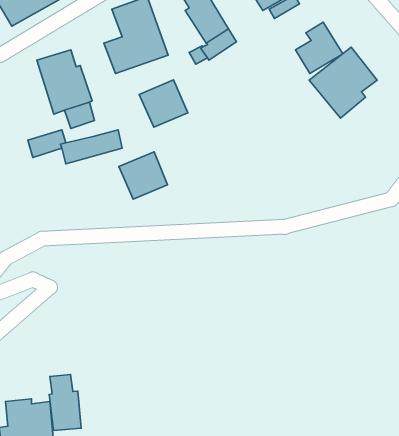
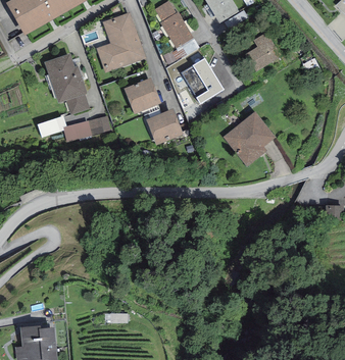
building: [309,47,377,118] -> [223,111,276,166]
building: none -> [181,57,225,104]
building: [119,152,167,199] -> [145,108,183,145]
building: [49,374,81,431] -> none

